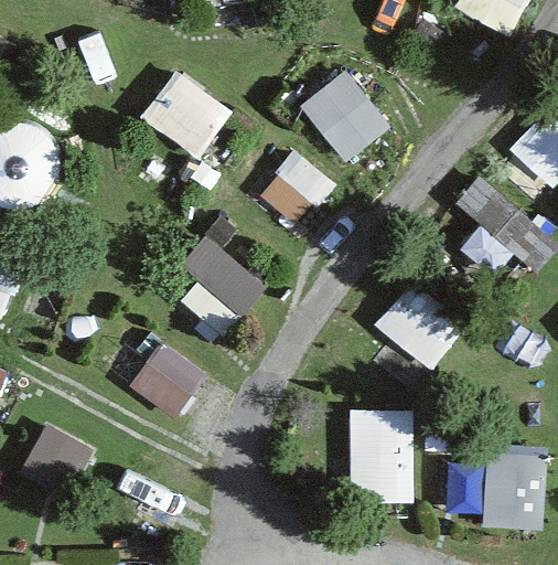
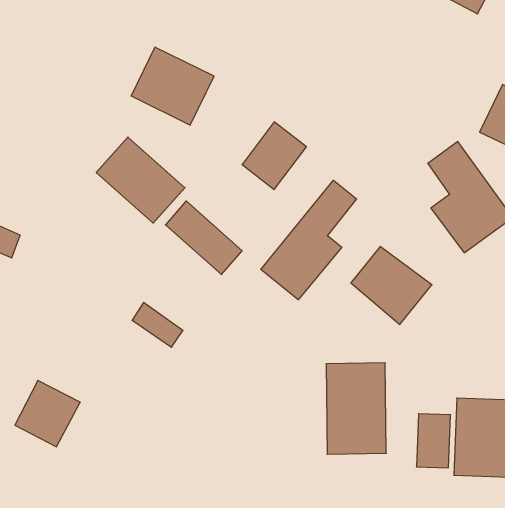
building: [298,68,389,161] -> none
building: none -> [96,137,185,223]
building: none -> [261,180,357,300]

